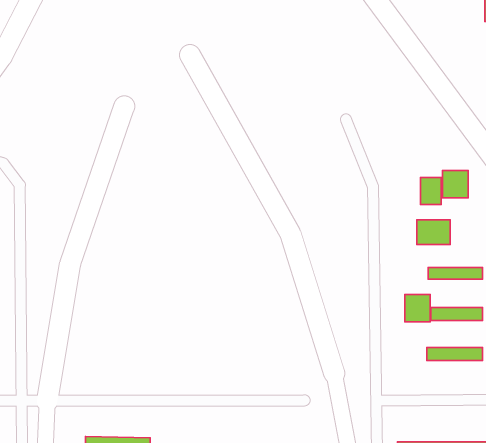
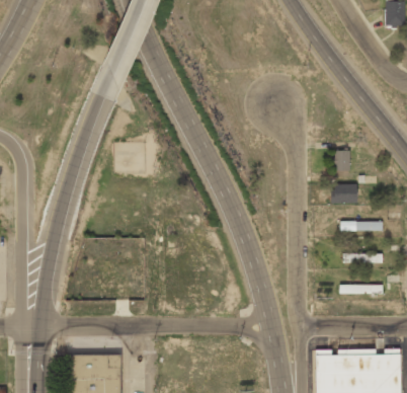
building: [443,171,468,198] -> none
building: [405,294,430,322] -> none

